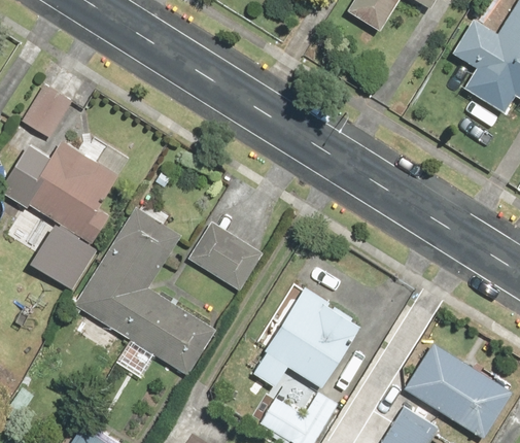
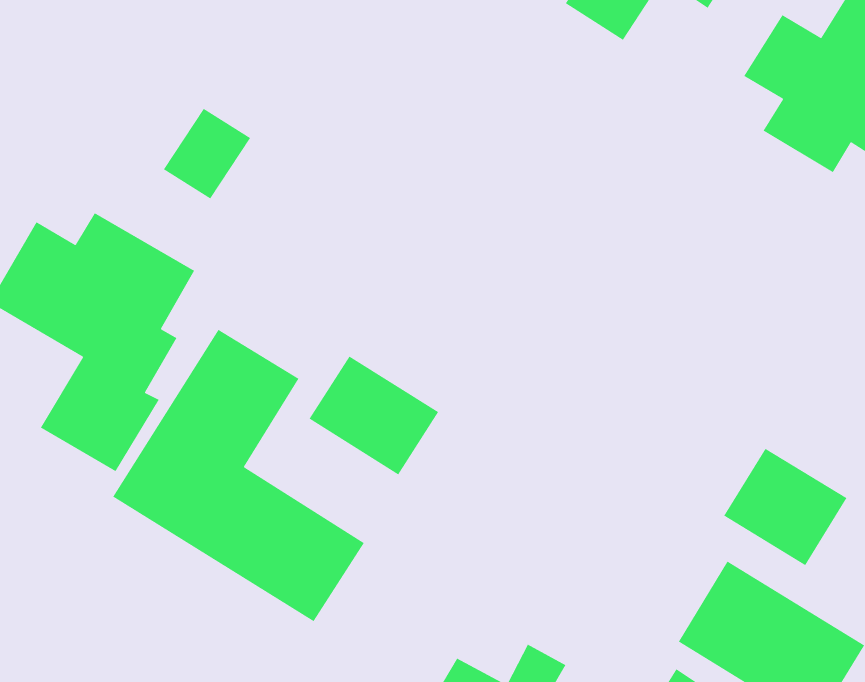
building: [21,84,72,138] -> [163,108,251,200]
building: none -> [723,448,847,566]
building: [250,285,365,388] -> none

